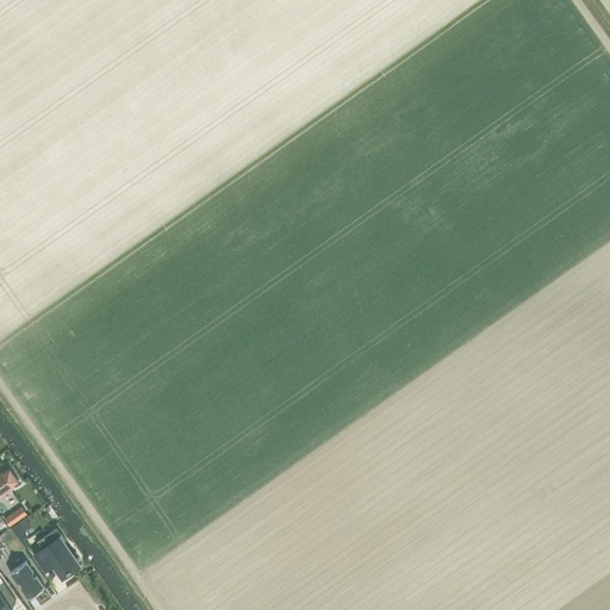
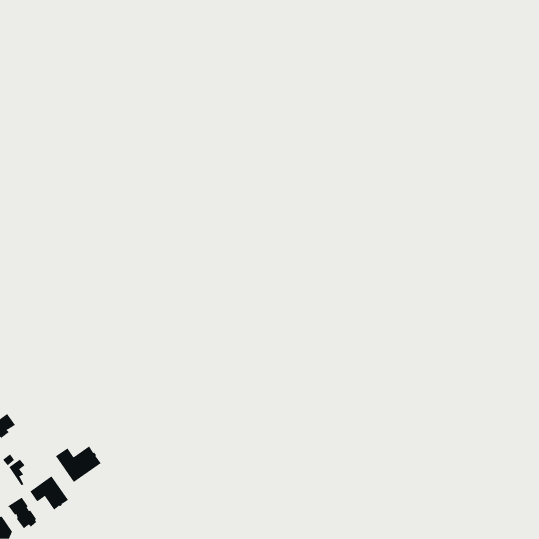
building: none -> [55,445,102,483]

